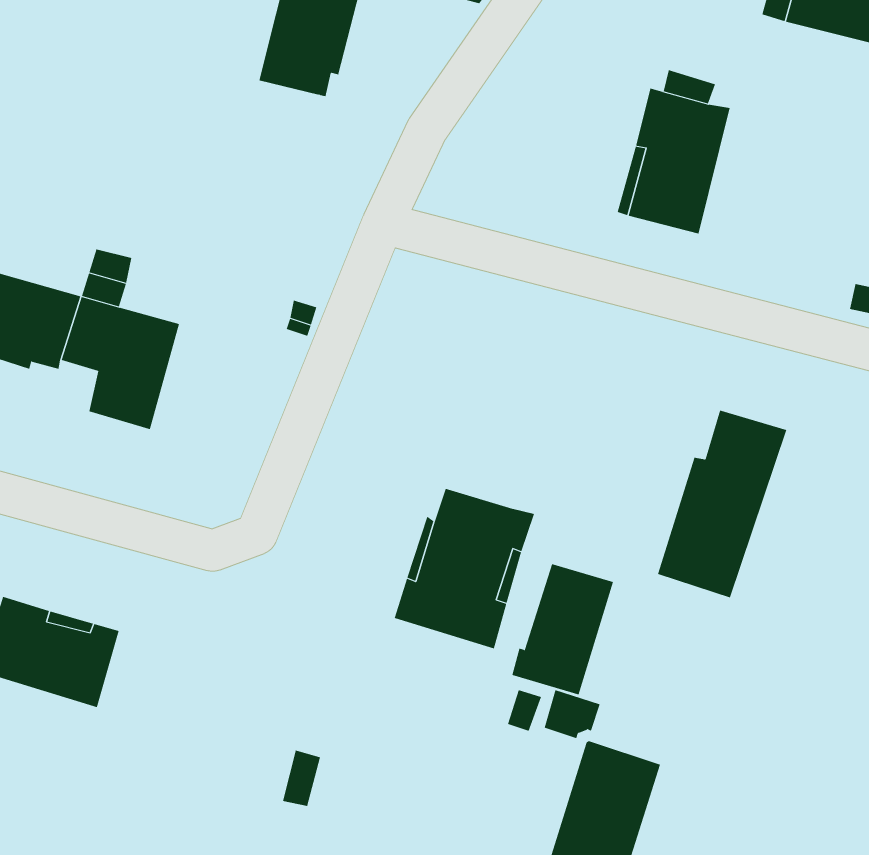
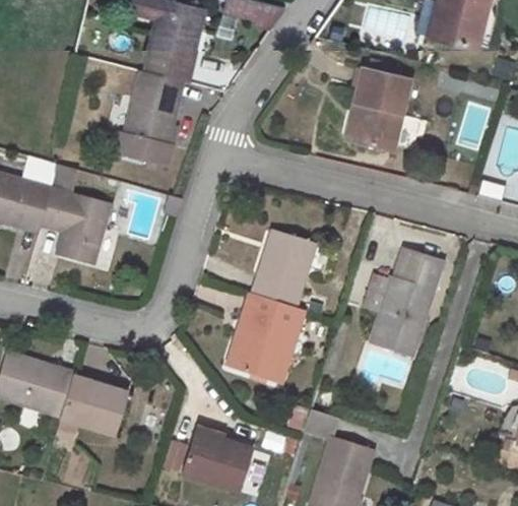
building: none -> [117,67,182,163]
building: [511,564,614,695] -> [252,233,309,306]
building: none -> [58,372,123,436]
building: none -> [186,425,252,490]

